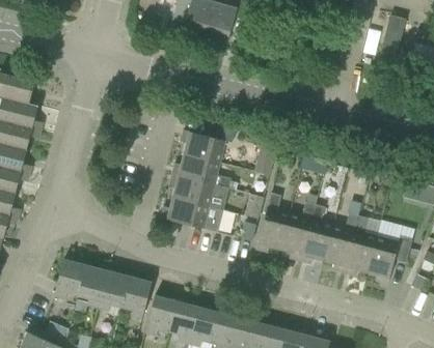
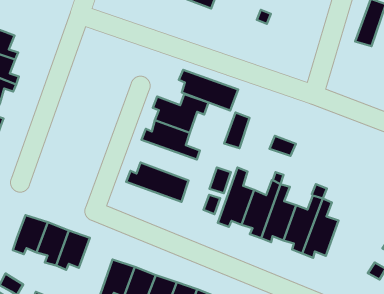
building: [168,174,228,210] -> [179,70,238,111]
building: [367,235,411,284] -> none
building: [120,277,151,319] -> none

